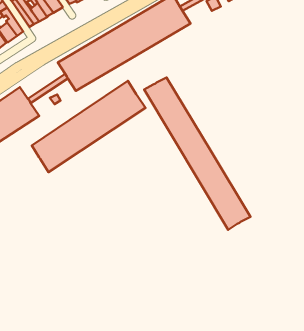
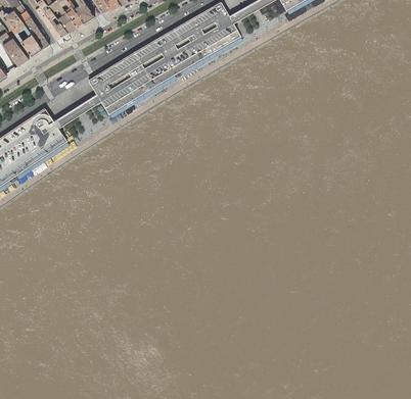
building: [144,77,251,230] -> none
building: [32,81,145,172] -> none

